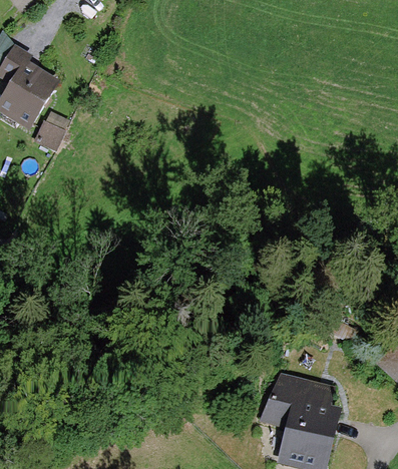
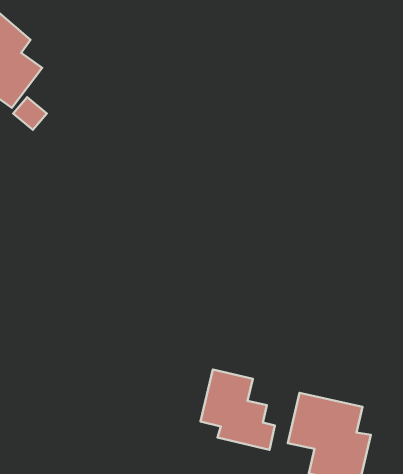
building: none -> [200,370,275,450]

